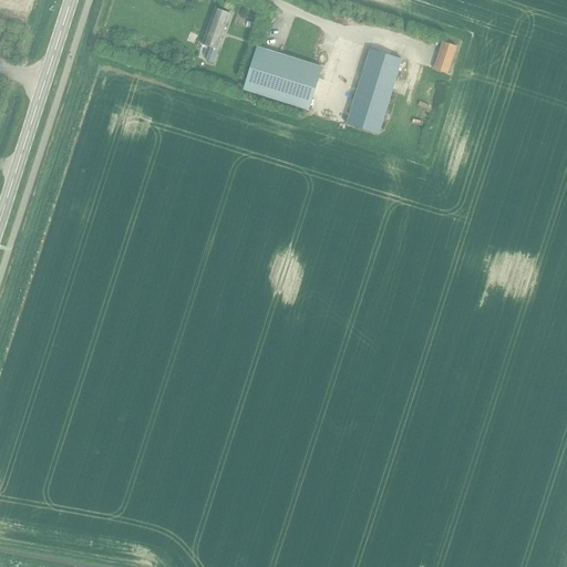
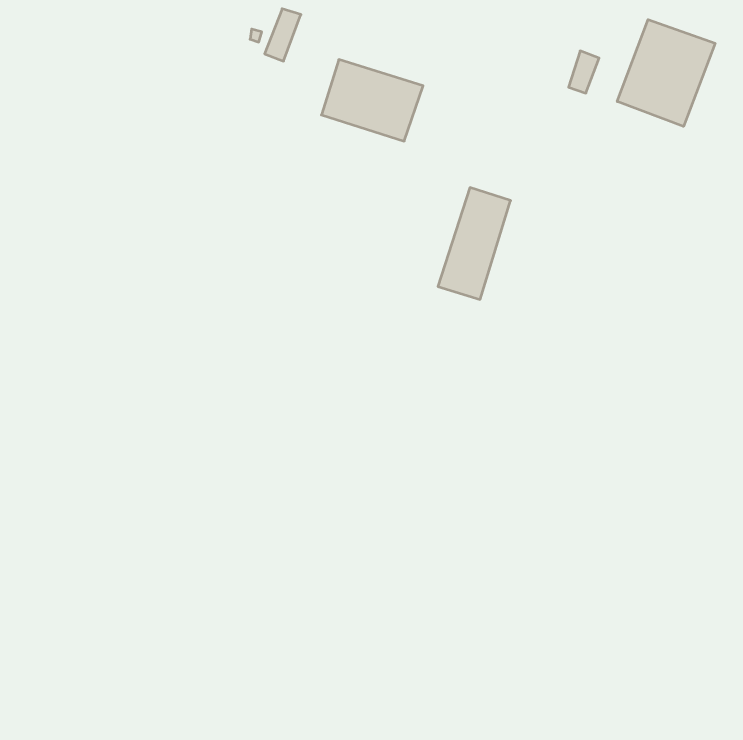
building: none -> [617,20,715,126]
building: [346,47,401,132] -> [438,188,511,299]

